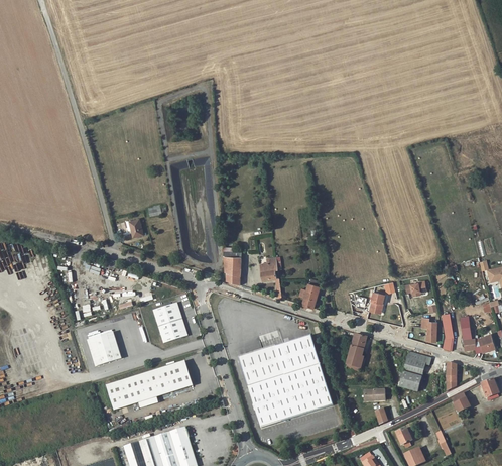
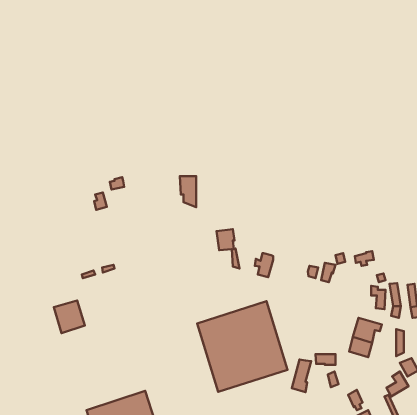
building: [223,252,240,284] -> [180,176,196,207]
building: [153,302,187,343] -> none
building: [347,333,367,367] -> [292,359,311,392]
building: [106,359,194,410] -> none

